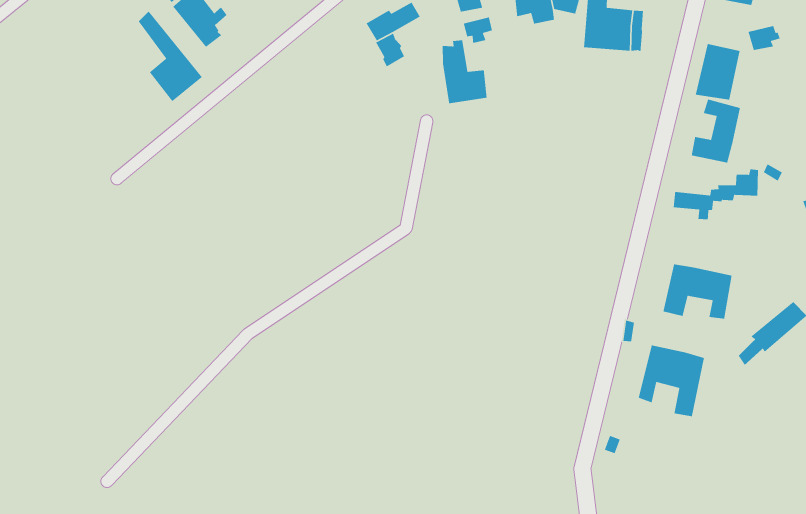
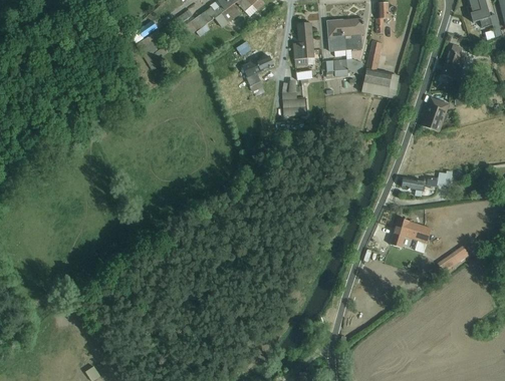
building: [138,10,203,102] -> none
building: [691,99,741,163] -> none
building: [638,344,705,417] -> none

